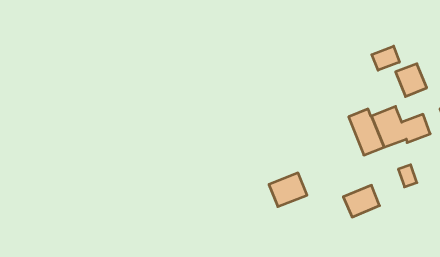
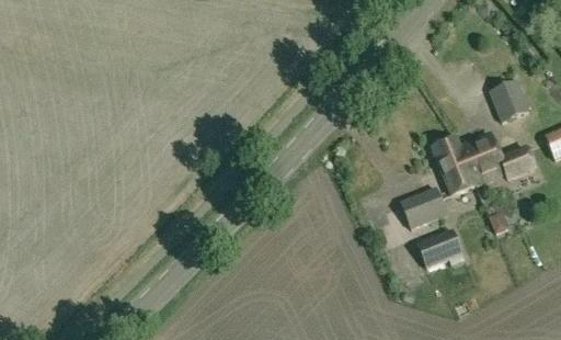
building: [372,46,399,70] -> none
building: [269,173,307,207] -> [400,185,447,227]

